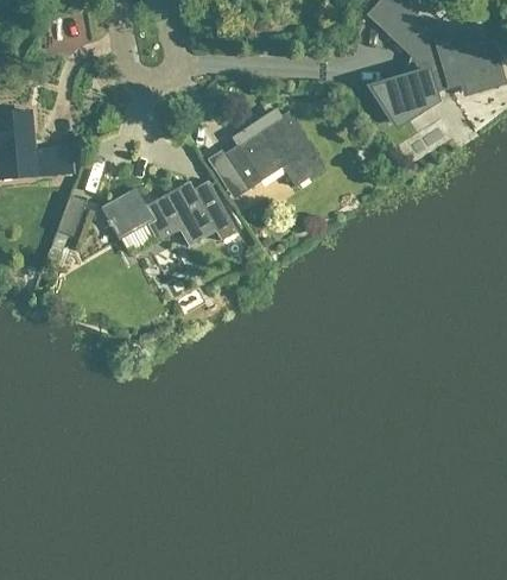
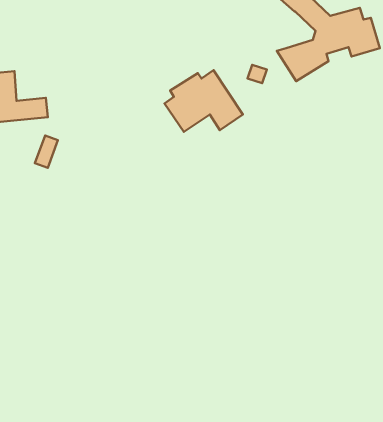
building: [101,181,235,246] -> none

